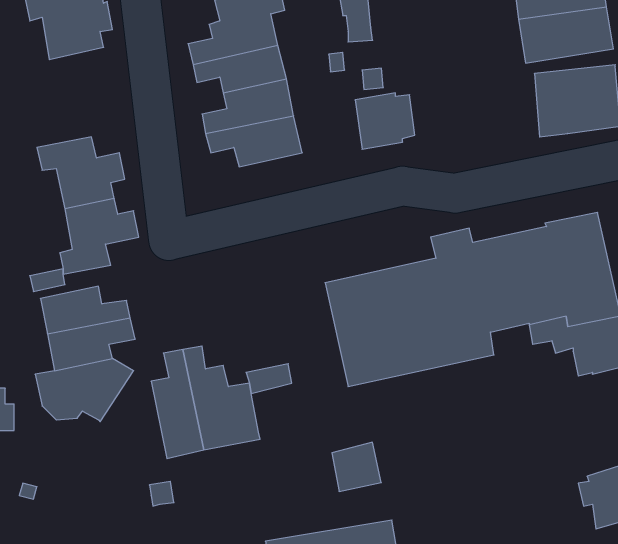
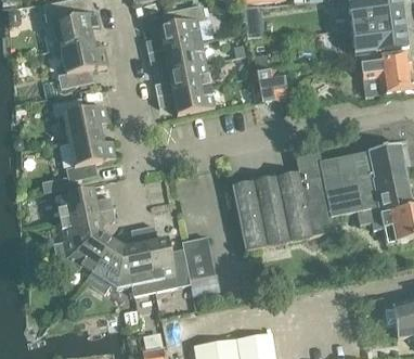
building: none -> [59,41,107,89]
building: none -> [85,241,133,295]
building: [332,442,381,491] -> [185,248,216,279]

